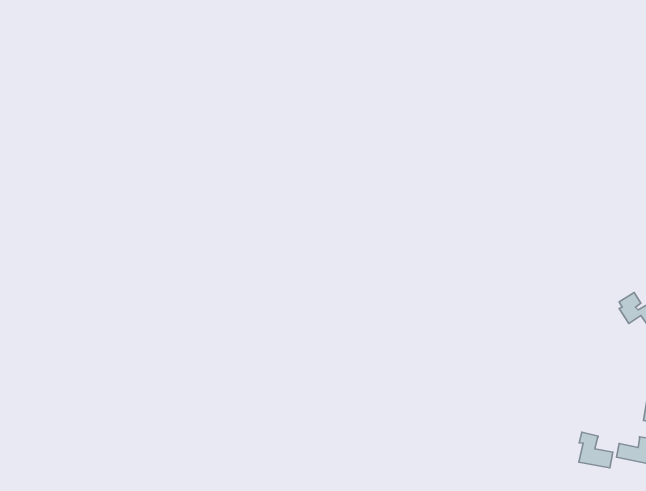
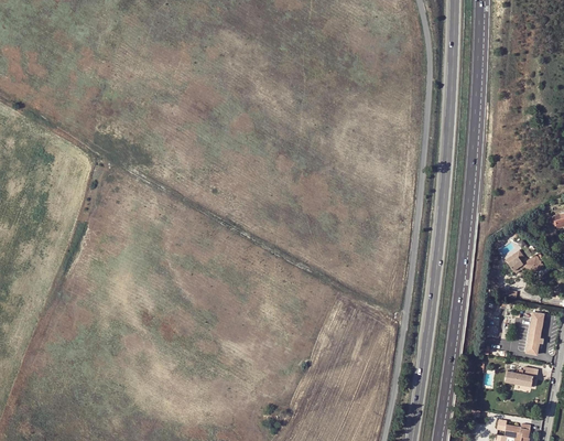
building: [579,432,613,468] -> none

